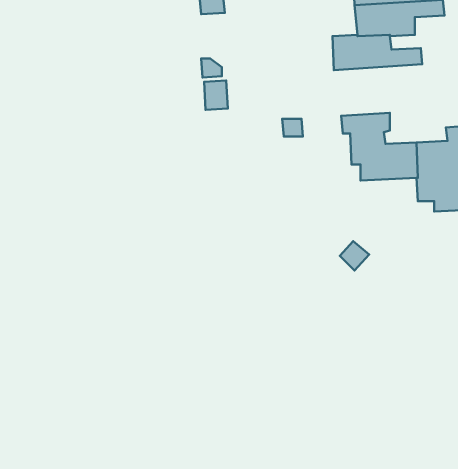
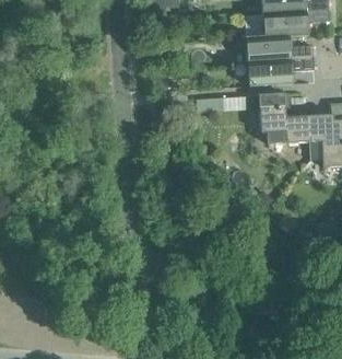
building: none -> [248,57,315,85]

